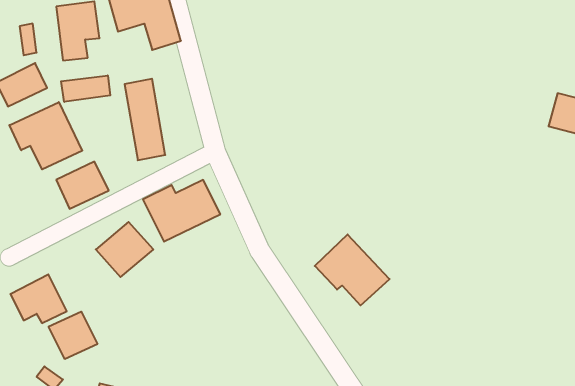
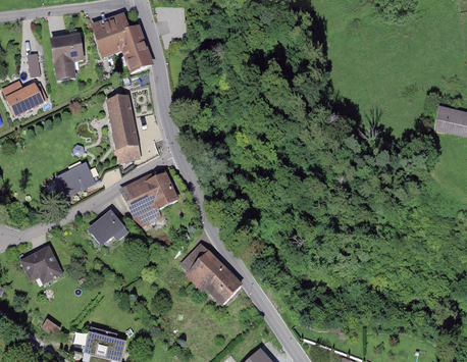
building: [61,75,110,102] -> none
building: [9,102,82,169] -> none
building: [315,234,390,305] -> [184,250,242,305]
building: [49,312,97,359] -> none

